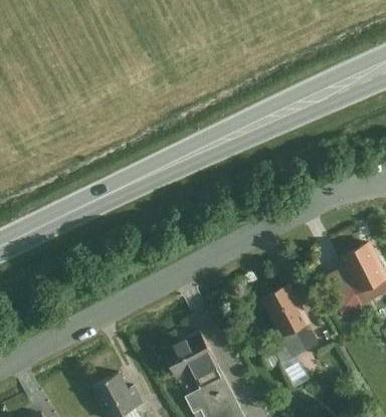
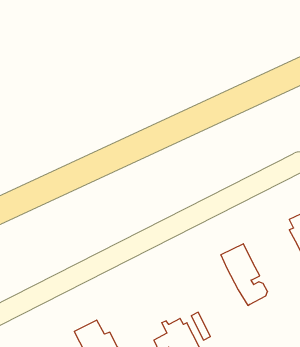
building: [162,331,217,379] -> none

